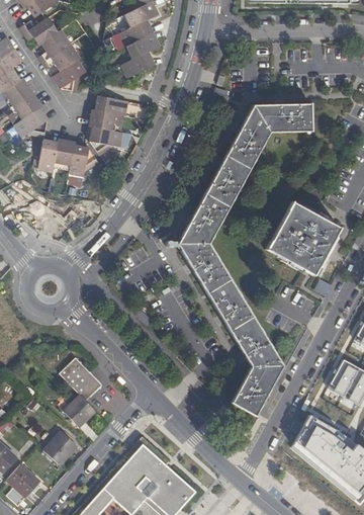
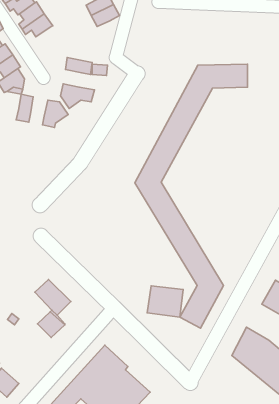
building: [121,52,155,79] -> none
building: [54,59,87,91] -> none
building: [89,109,115,131] -> none
building: [55,139,75,165] -> none
building: [267,201,340,275] -> none
building: none -> [147,286,183,317]
building: [43,431,77,465] -> none

